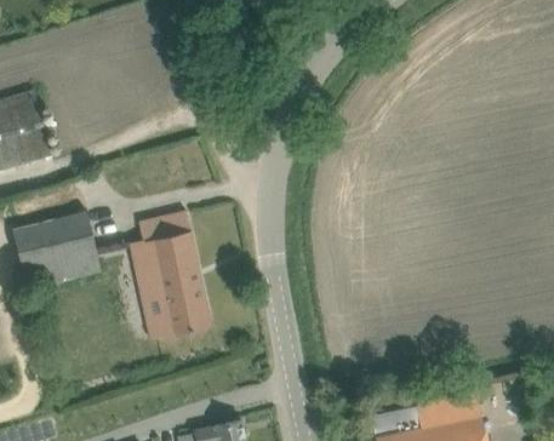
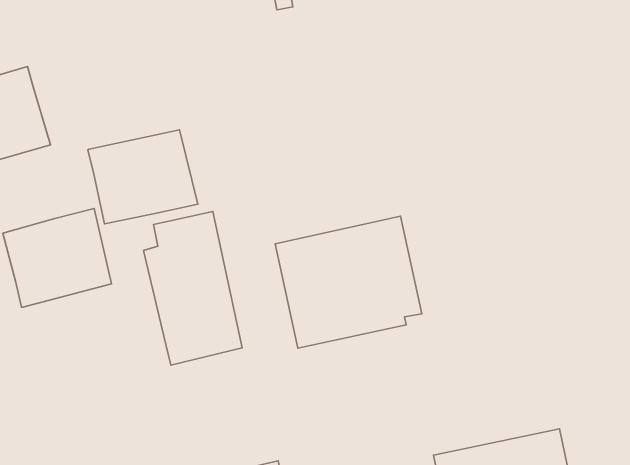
building: none -> [88,130,198,224]
building: none -> [275,216,422,348]

